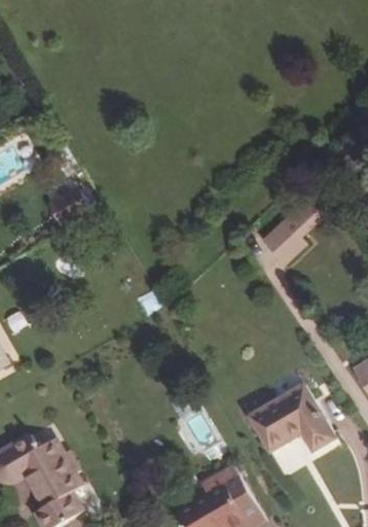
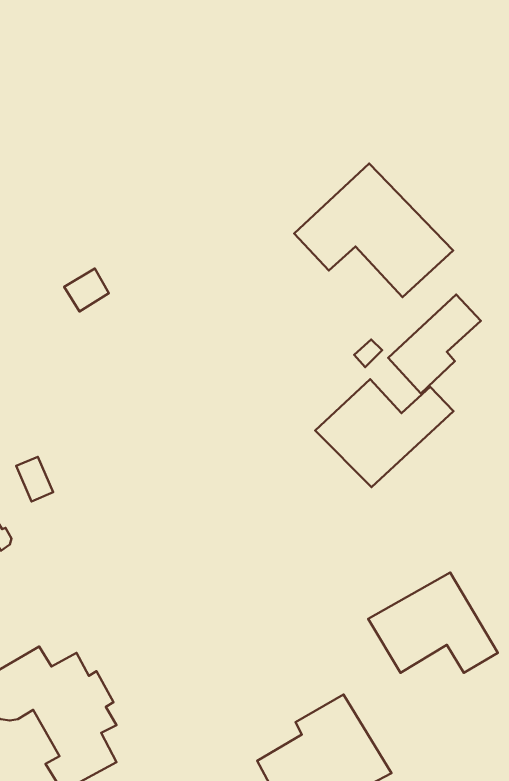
building: none -> [294,164,453,297]
building: none -> [315,379,453,487]

